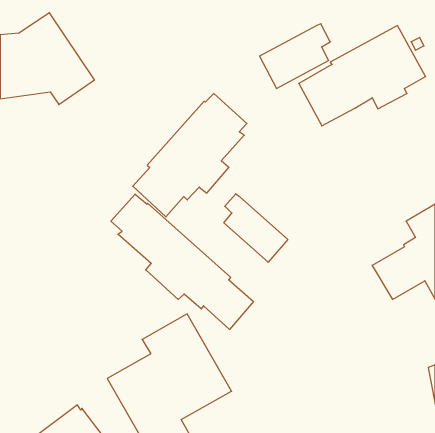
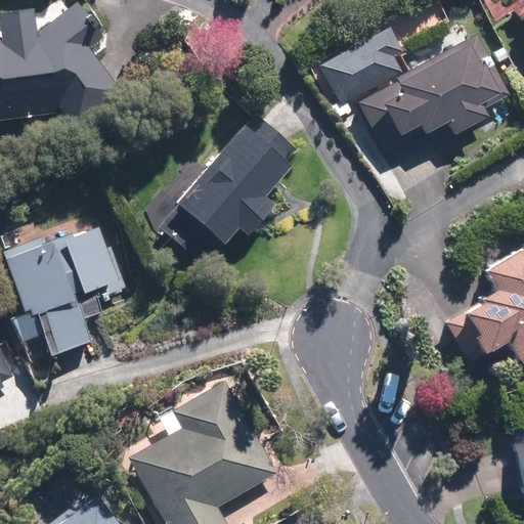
building: none -> [4,225,123,355]
building: [224,194,288,262] -> none
building: [111,194,253,329] -> none

